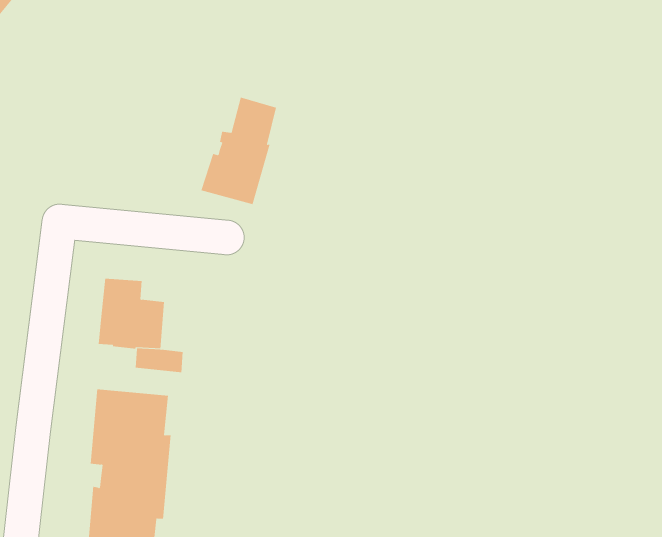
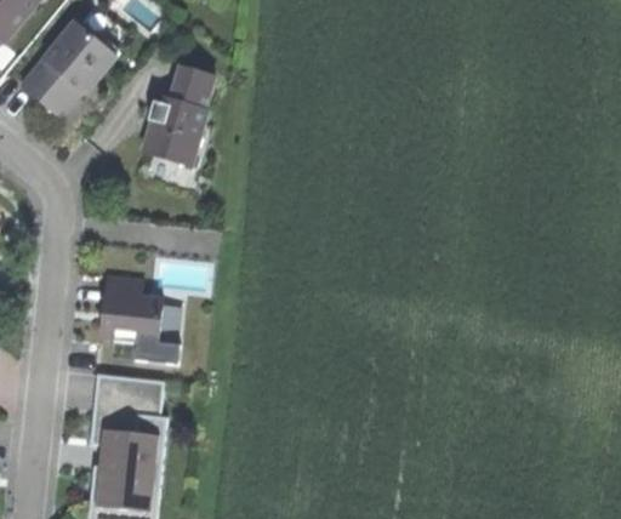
building: none -> [23,23,119,118]
building: [201,97,277,205] -> [143,67,213,166]

